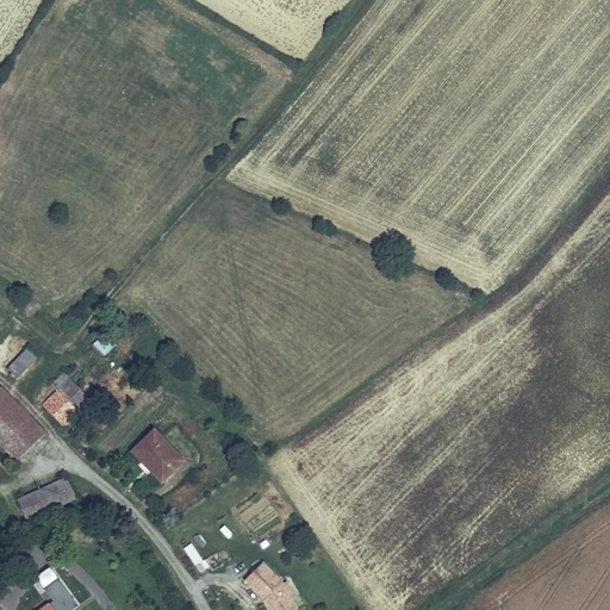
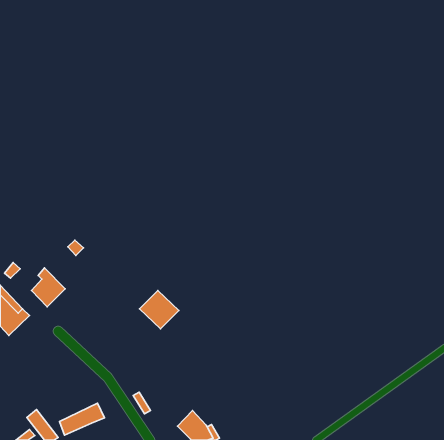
building: [126,429,180,481] -> [140,290,179,329]
building: [13,479,75,523] -> [59,403,105,435]

